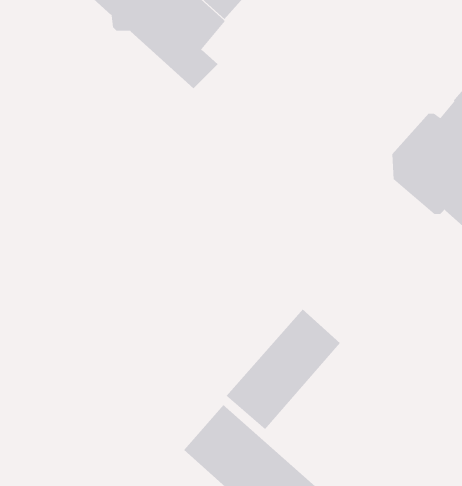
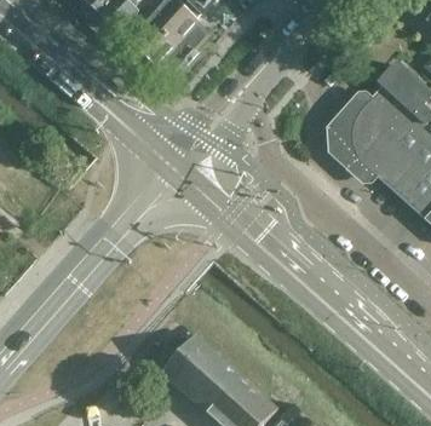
building: [225,309,341,430] -> none

